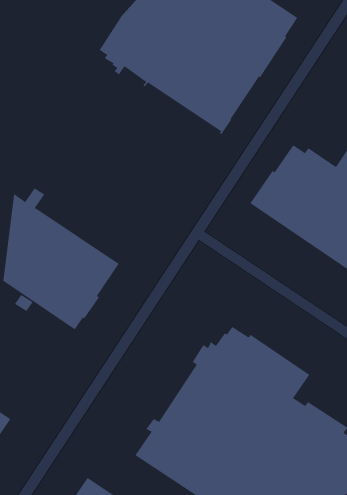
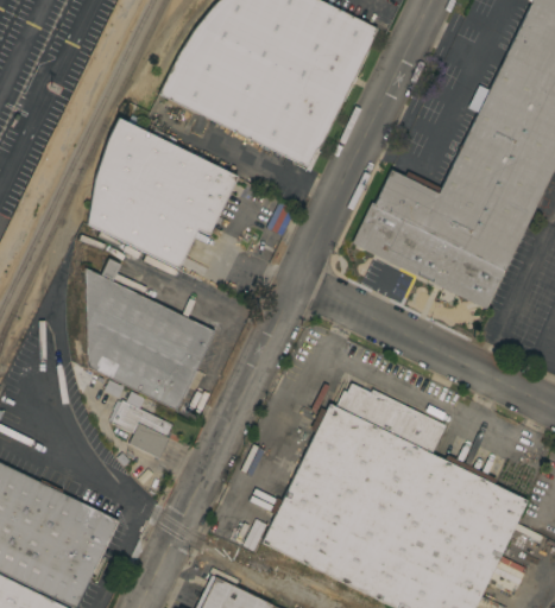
building: none -> [87,118,238,268]
building: none -> [111,399,172,458]

